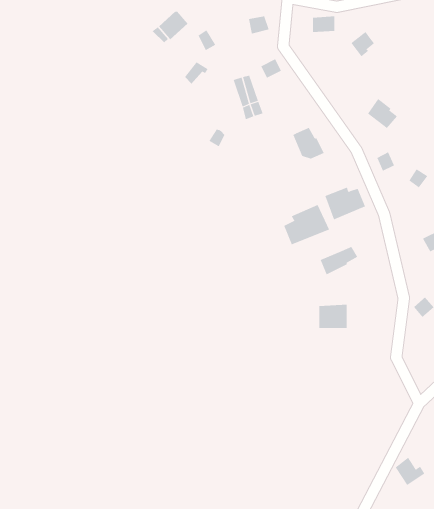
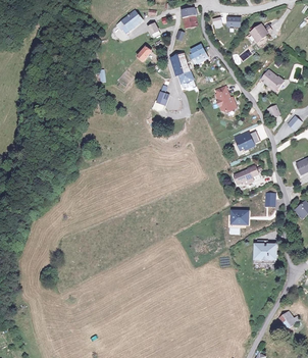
building: [283,204,330,245] -> none
building: none -> [255,247,276,266]

